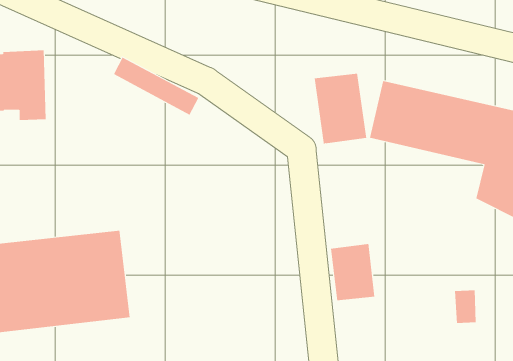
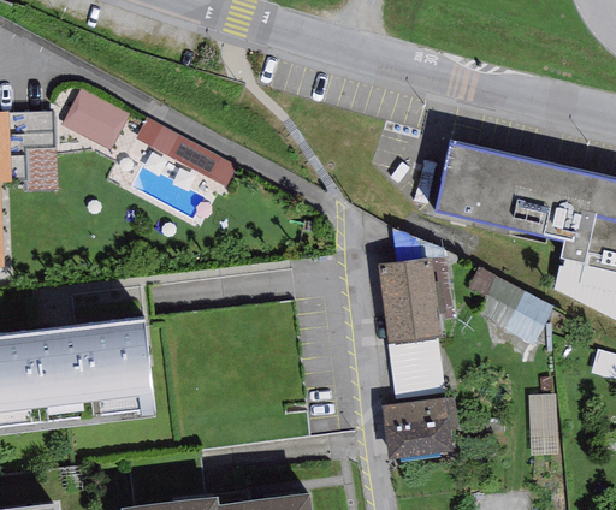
building: none -> [60,87,129,149]
building: [314,73,367,145] -> [377,259,439,343]
building: none -> [485,285,545,339]
building: none -> [380,397,452,459]

